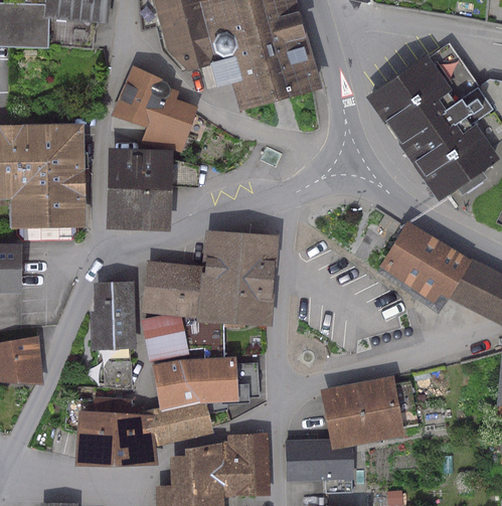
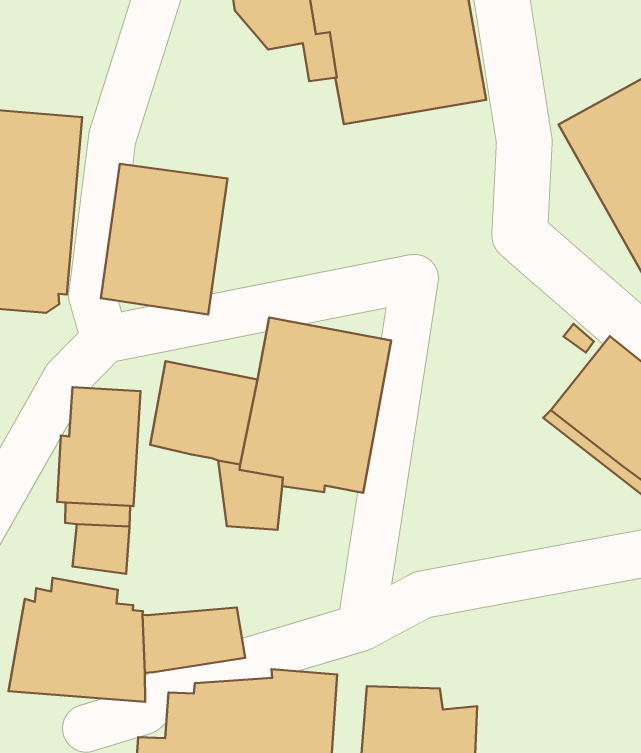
building: [112,65,198,150] -> none
building: [142,314,189,361] -> none
building: [152,357,237,407] -> none
building: [320,376,419,449] -> none

